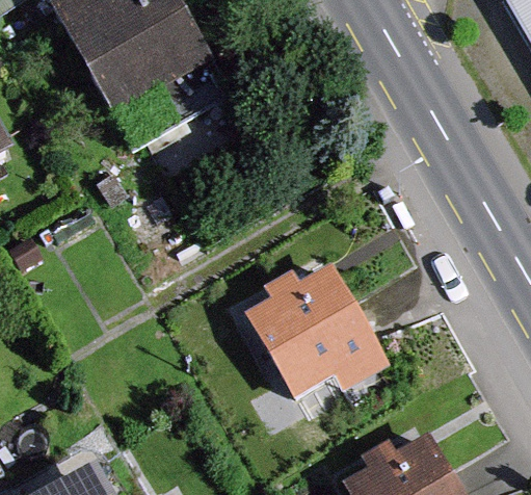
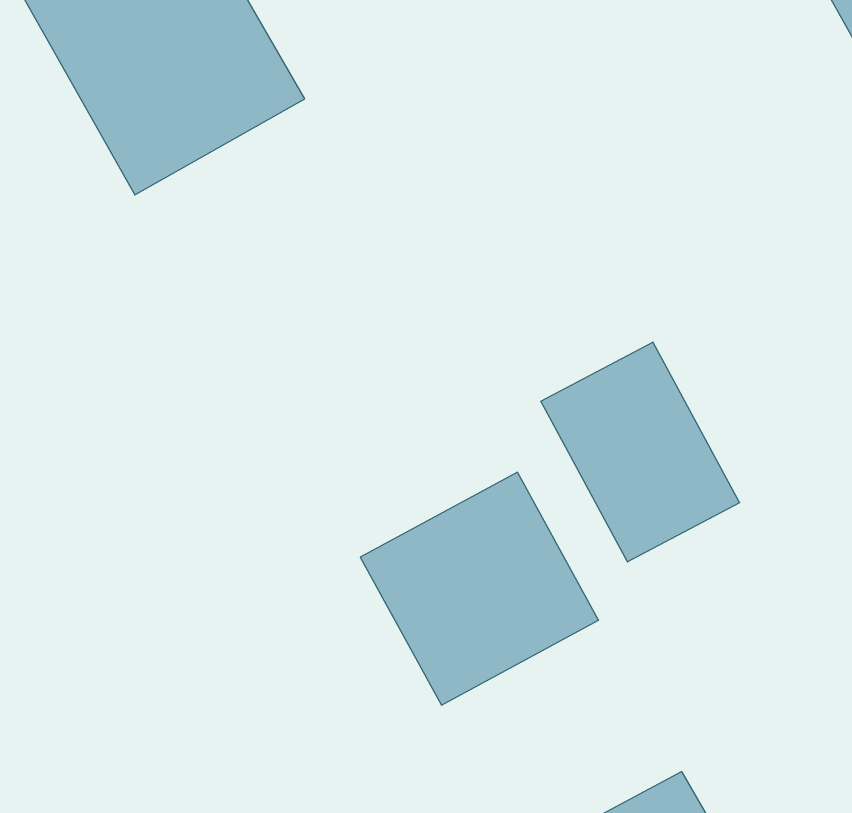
building: none -> [541,342,740,562]

